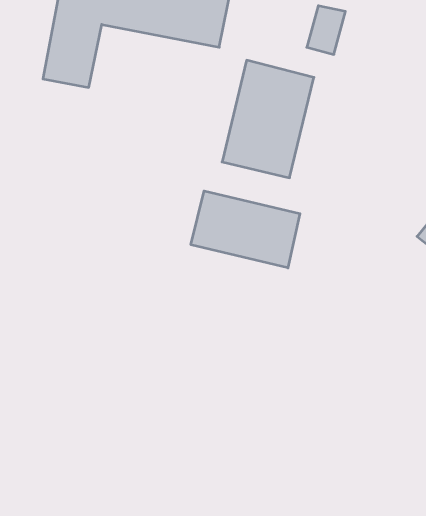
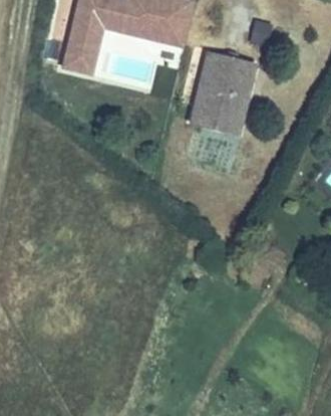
building: [191,191,300,268] -> none

